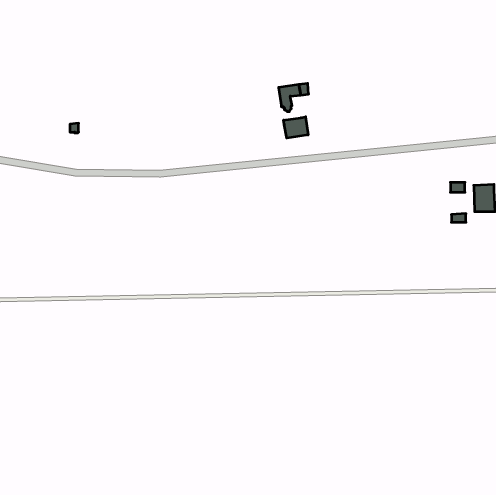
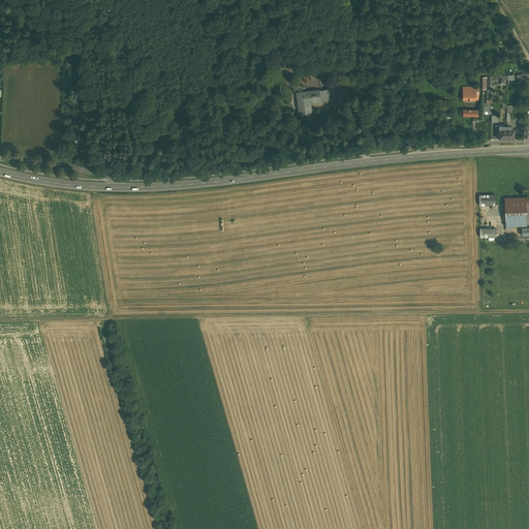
building: [284,117,308,138] -> none

